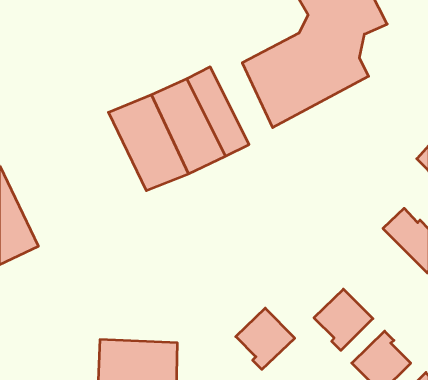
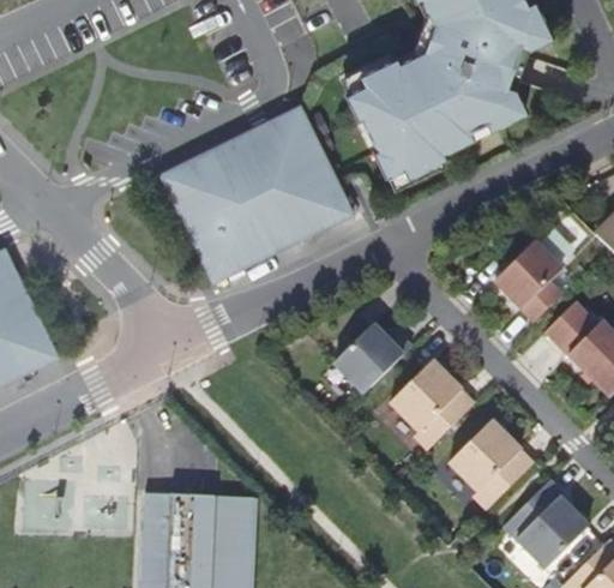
building: none -> [494,240,562,320]
building: none -> [333,324,410,392]
building: [236,308,295,369] -> [390,360,474,448]

